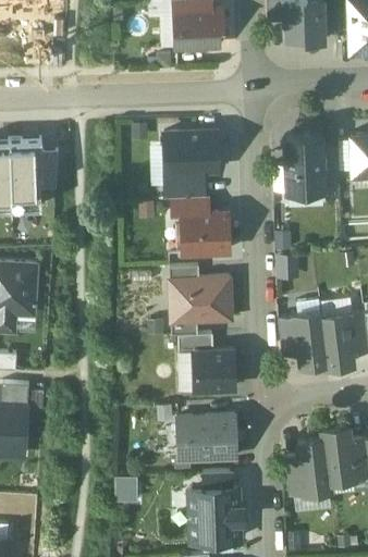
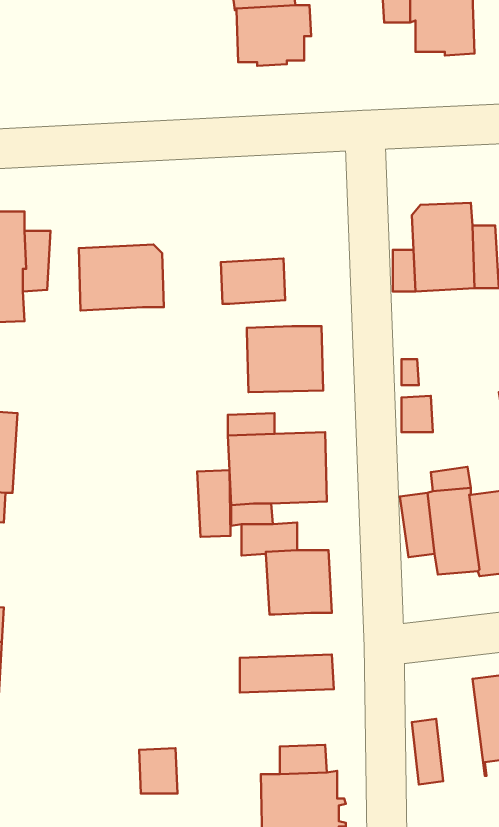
building: [163,129,217,171] -> [79,245,164,311]
building: [170,195,209,214] -> none
building: none -> [197,470,231,537]
building: [297,432,330,496] -> none
building: [176,438,236,462] -> none

